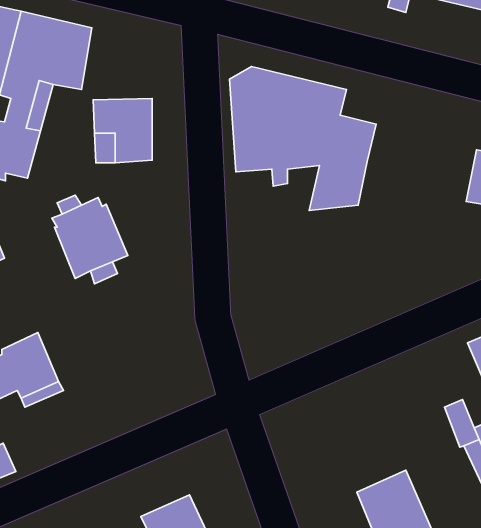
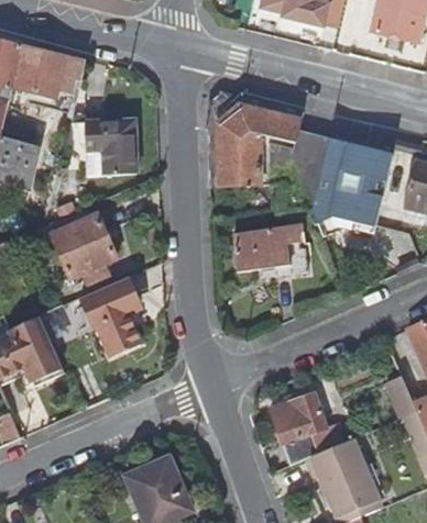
building: none -> [313,141,391,231]
building: none -> [242,224,313,268]
building: none -> [75,280,136,356]
building: none -> [277,387,361,463]

